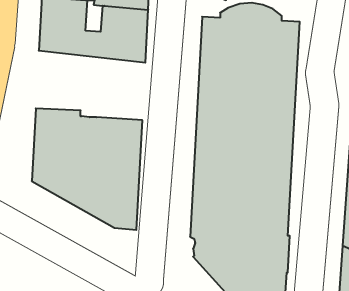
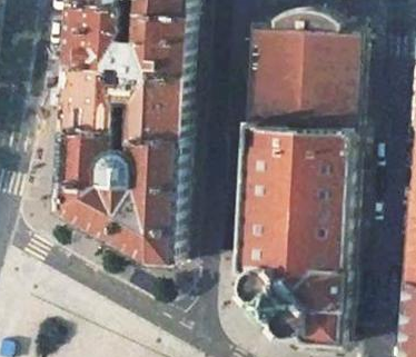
building: none -> [60,62,182,140]

